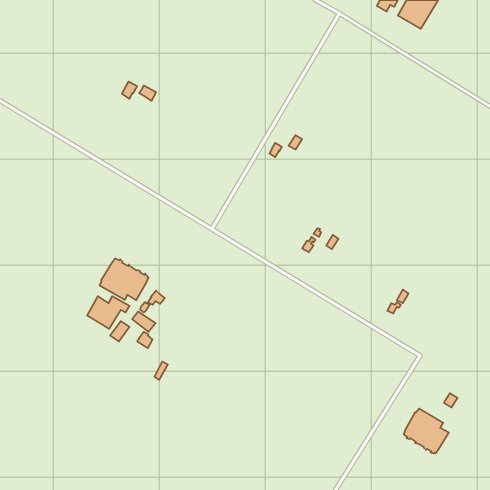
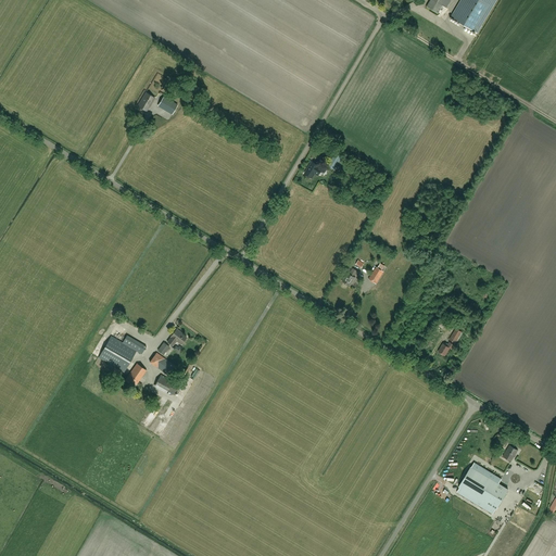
building: [100,259,149,300] -> none

